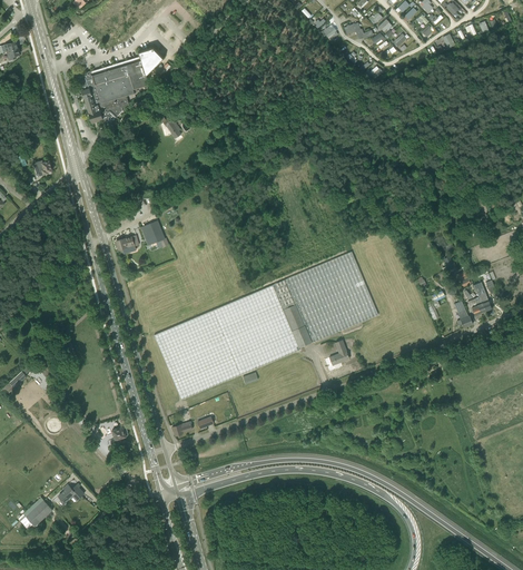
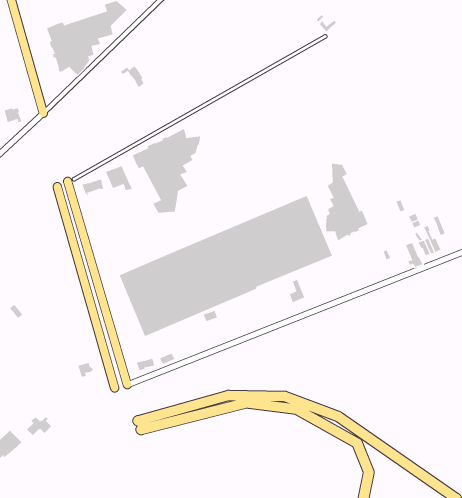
building: none -> [132,128,201,214]
building: none -> [325,163,368,241]

